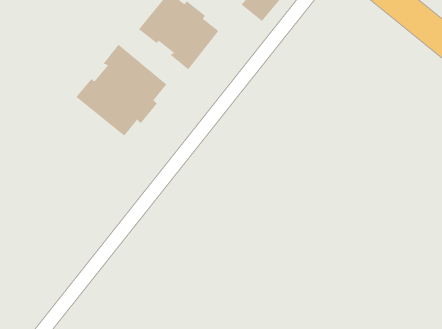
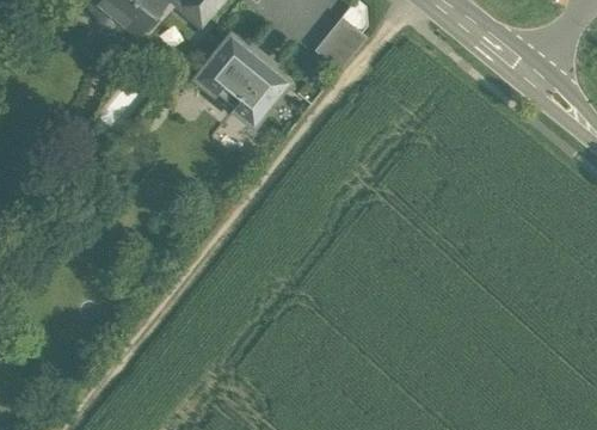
building: [76,44,167,136] -> none

